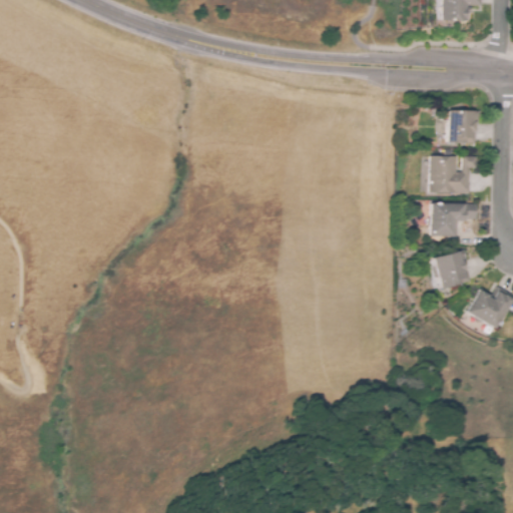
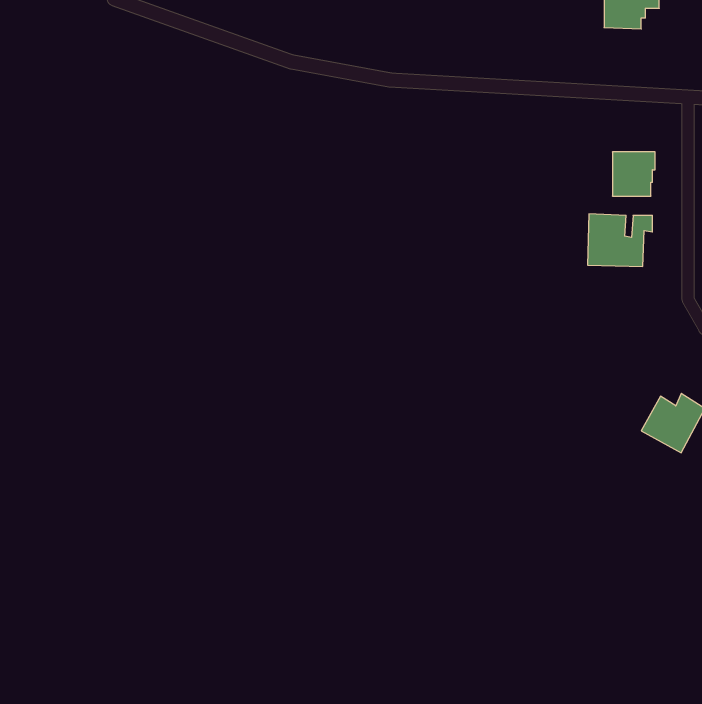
building: [429,203,477,236] -> none
building: [435,249,471,289] -> none

